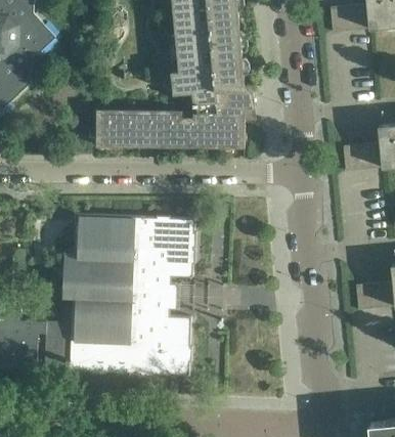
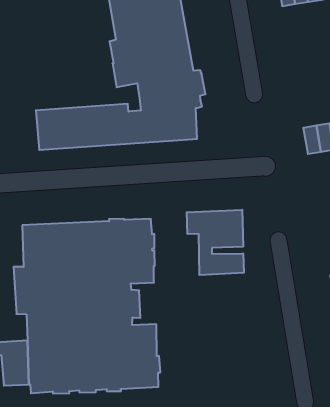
building: none -> [187,210,244,275]

